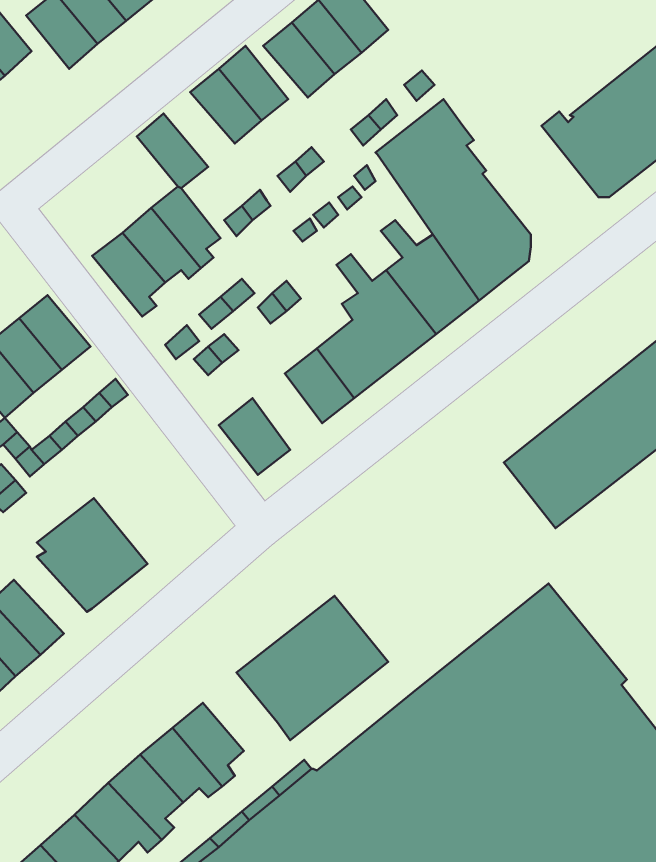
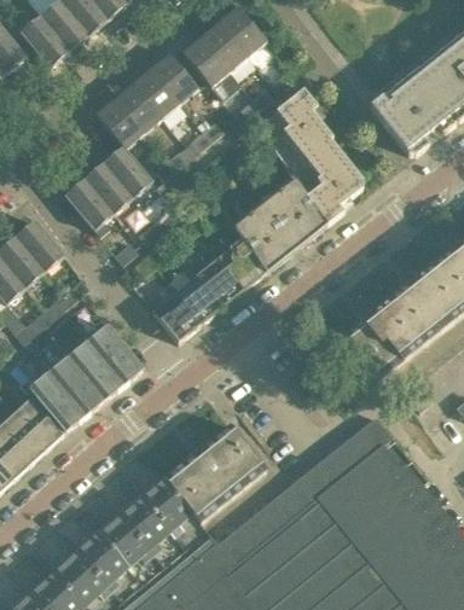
building: none -> [112,83,161,134]
building: none -> [173,274,220,326]
building: none -> [65,326,141,403]
building: none -> [11,399,60,451]
building: none -> [139,477,190,538]

